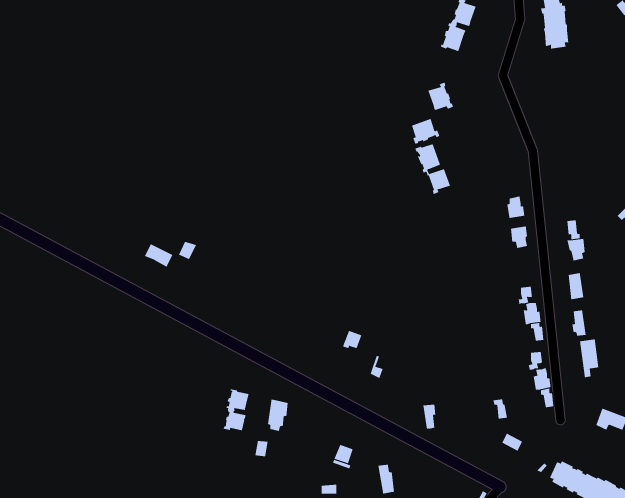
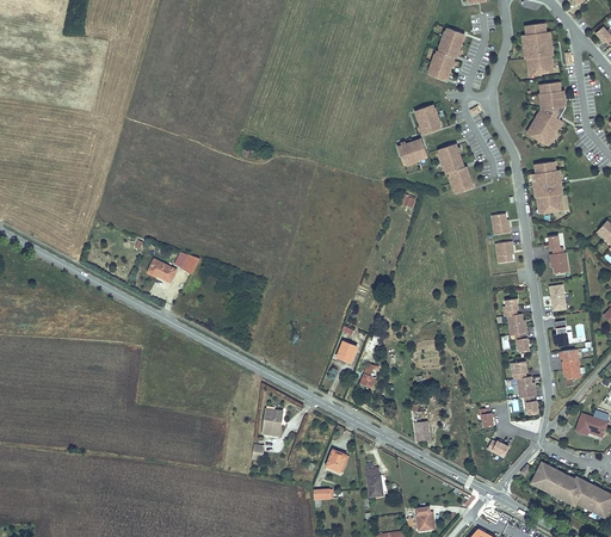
building: none -> [529,82,564,142]
building: none -> [532,162,561,212]
building: [414,143,451,195] -> [439,146,474,195]
building: [223,389,249,431] -> none

